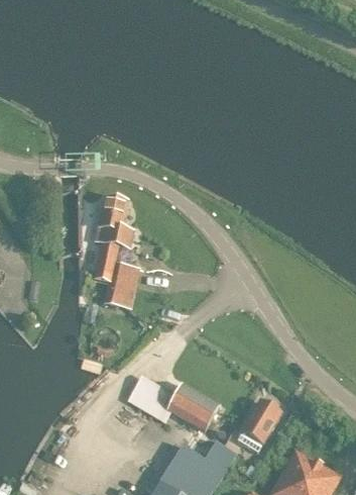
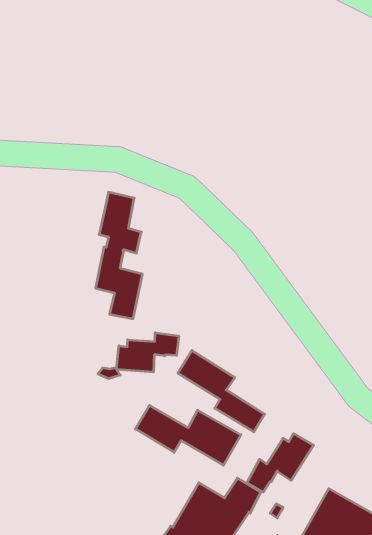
building: none -> [117,333,179,372]
building: none -> [178,350,265,432]

